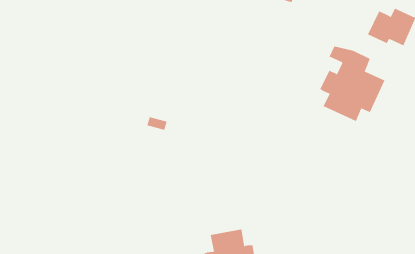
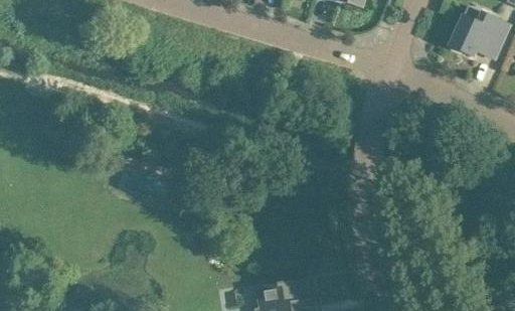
building: [320,46,385,122] -> none

